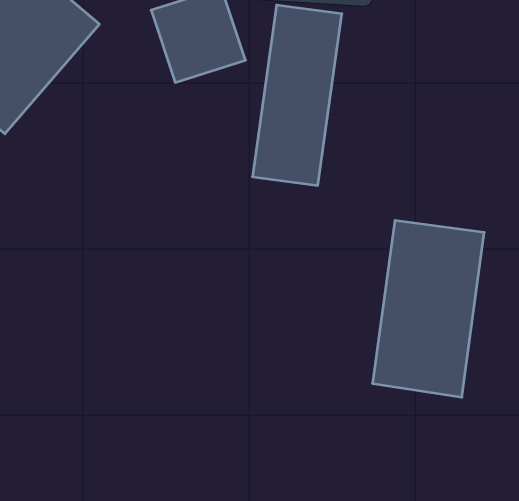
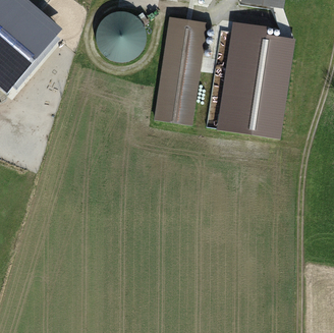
building: [372,220,484,397] -> [226,30,292,134]

